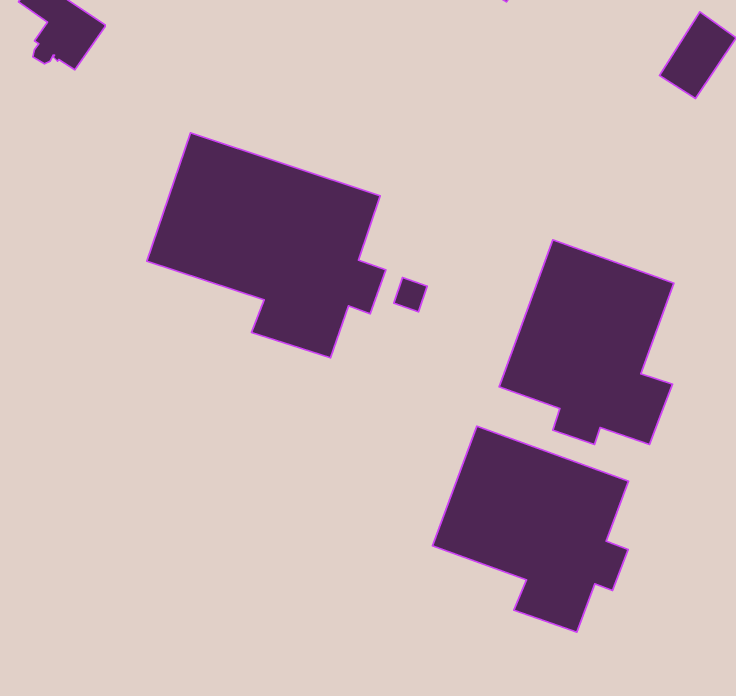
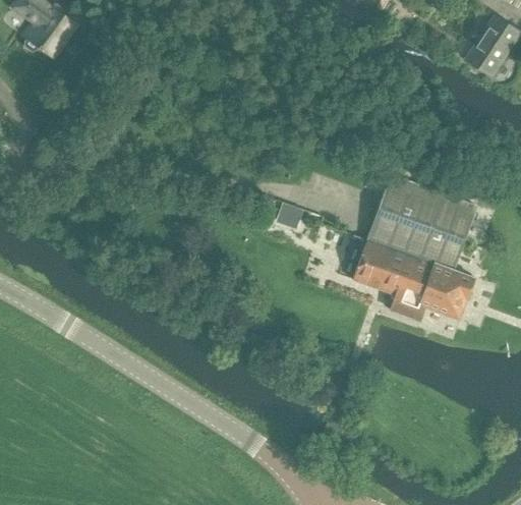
building: [147,133,386,358] -> none
building: [433,426,628,632] -> none

